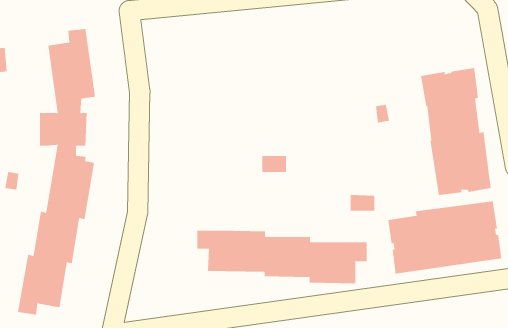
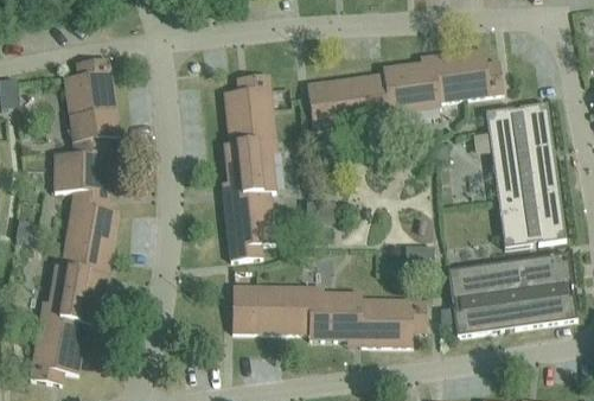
building: none -> [307,49,504,129]
building: none -> [223,74,275,260]

